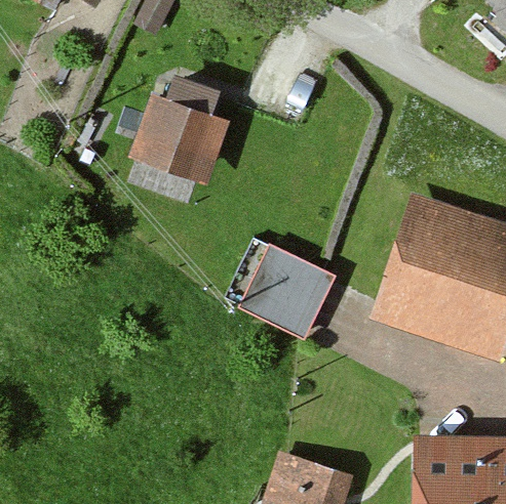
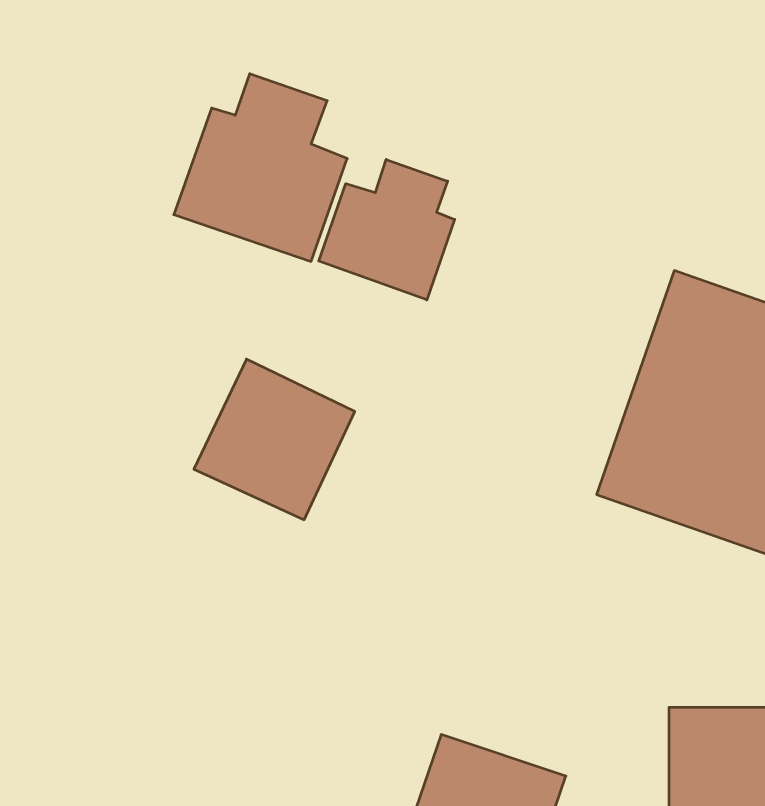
building: none -> [319,159,455,300]
building: [241,249,333,340] -> [194,359,355,520]

